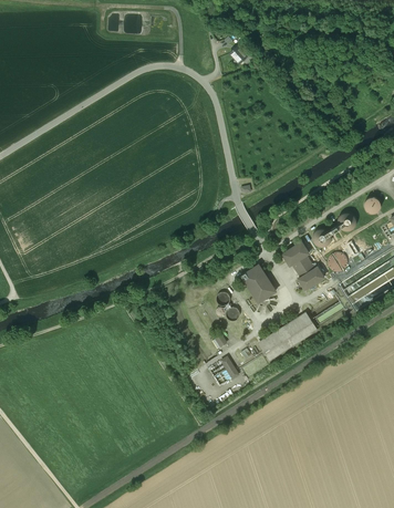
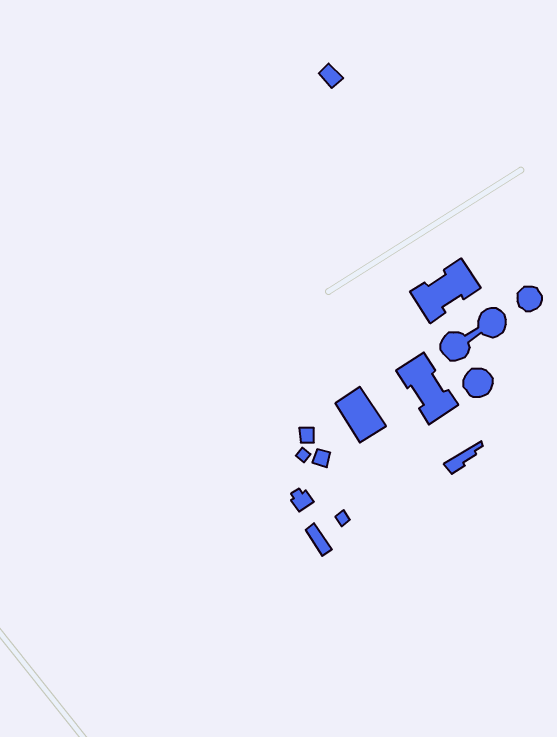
building: none -> [410,258,481,323]
building: [259,313,317,360] -> none

